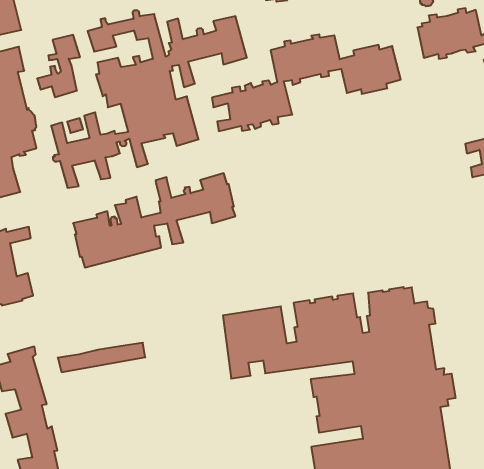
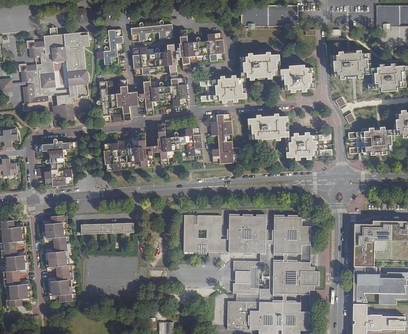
building: none -> [247,113,330,160]
building: none -> [209,113,240,163]

